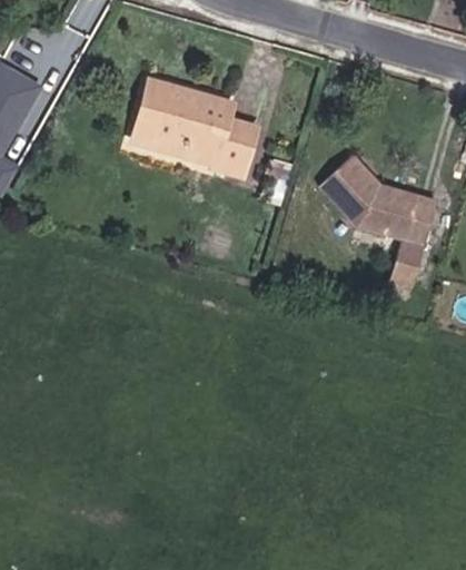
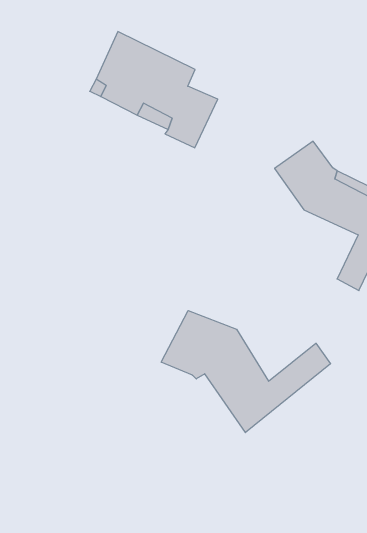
building: none -> [161,311,331,433]

